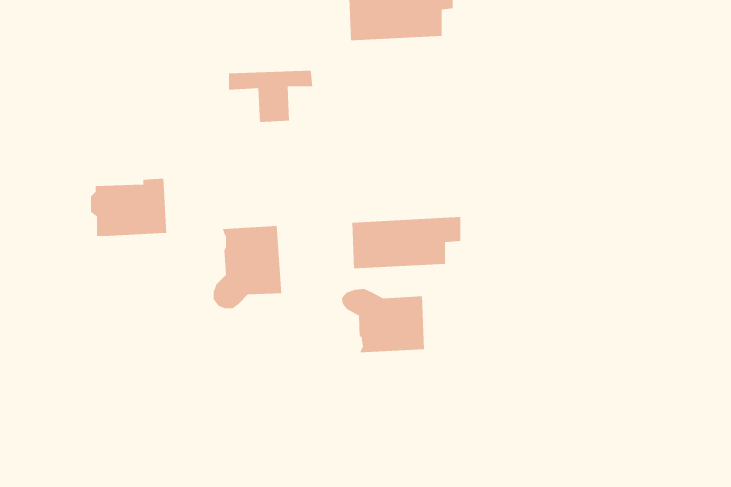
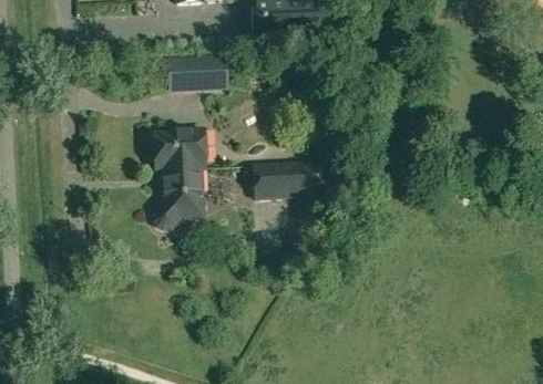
building: [90,178,167,237] -> [152,127,207,169]
building: [341,288,424,353] -> none

